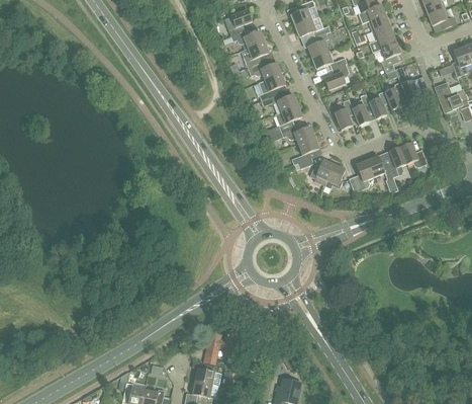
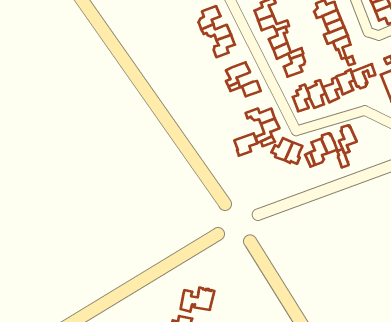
building: [247,62,283,79] -> none
building: [275,105,301,131] -> [234,133,257,156]
building: [399,142,427,167] -> none

